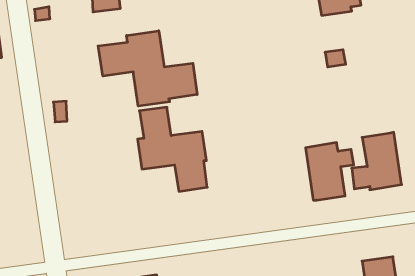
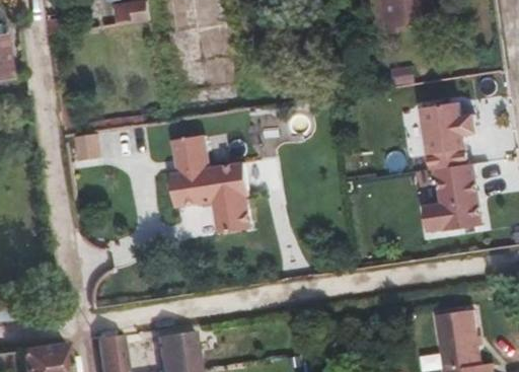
building: [98,31,197,106] -> none
building: [306,143,354,200] -> [423,101,479,169]

